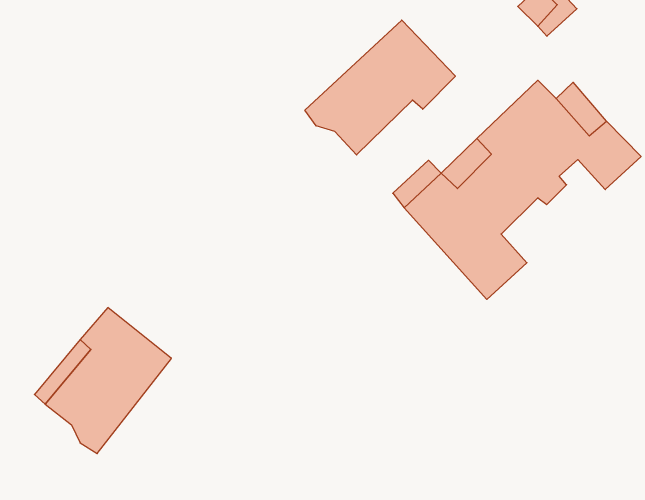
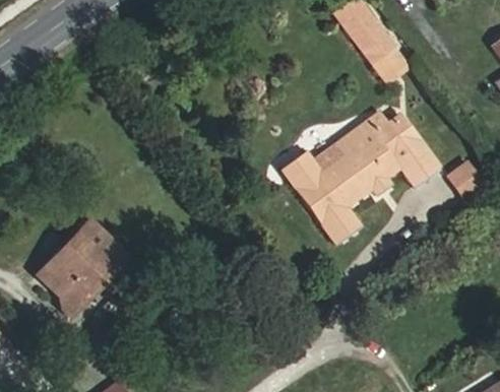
building: [305,20,455,155] -> none

